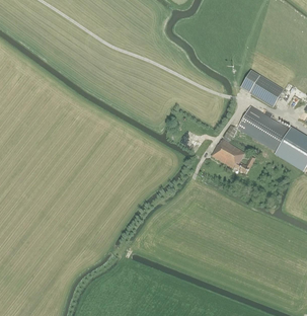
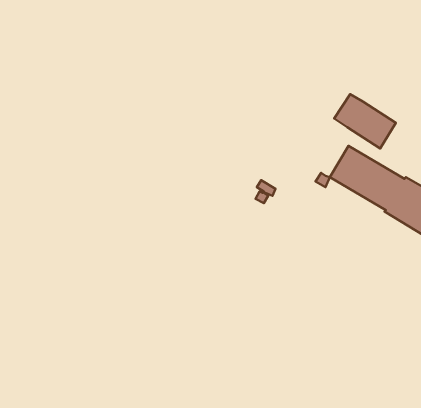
building: [211,139,254,173] -> none

